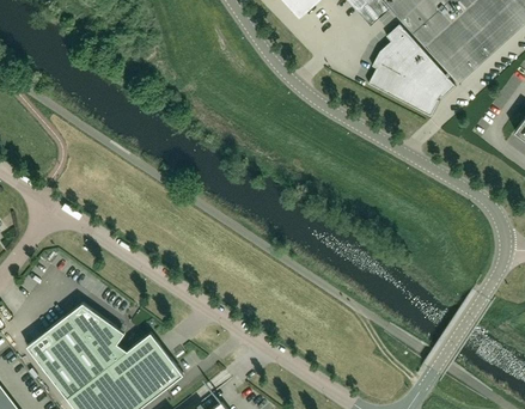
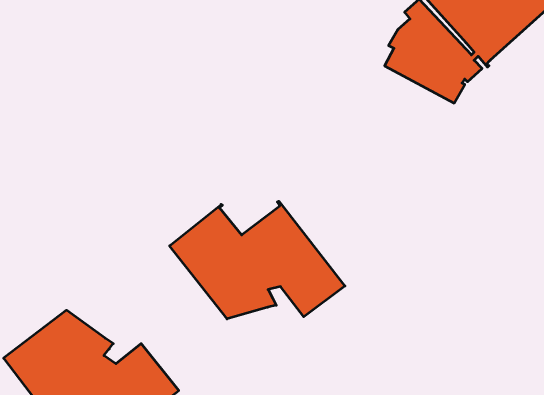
building: none -> [170,201,345,319]

